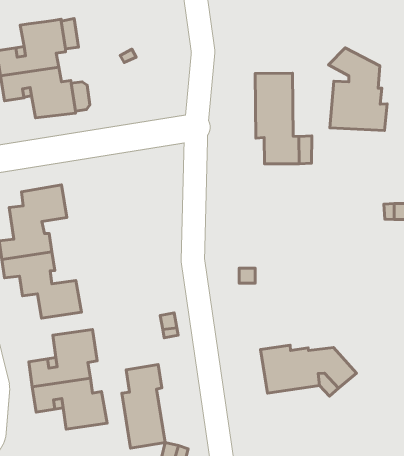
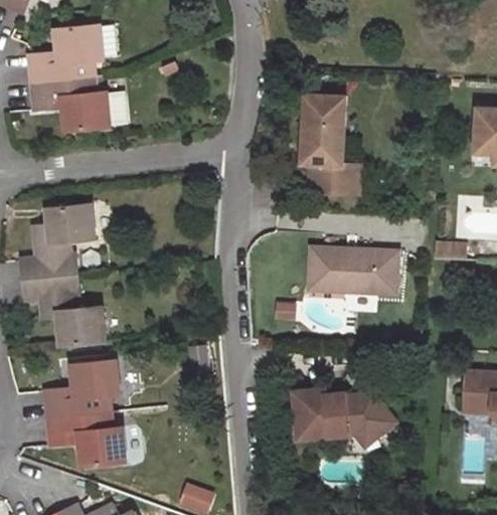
building: [329,48,387,130] -> none
building: none -> [308,247,397,295]
building: [122,364,165,448] -> none

